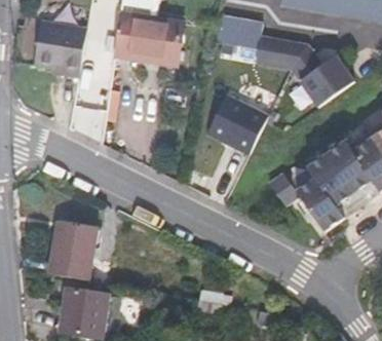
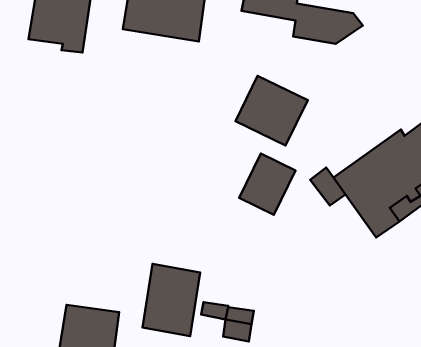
building: [291,53,353,107] -> none
building: none -> [239,153,295,215]
building: [48,220,97,280] -> [143,264,200,336]

